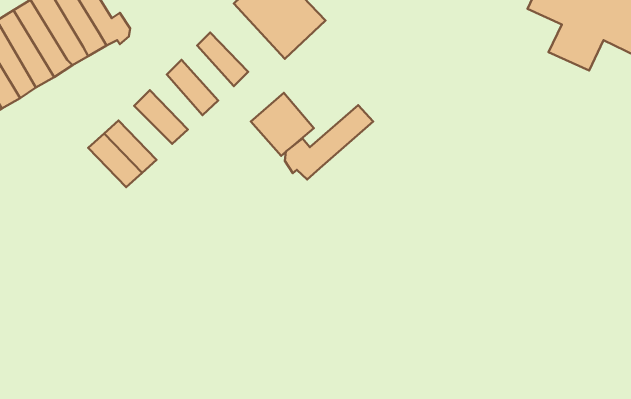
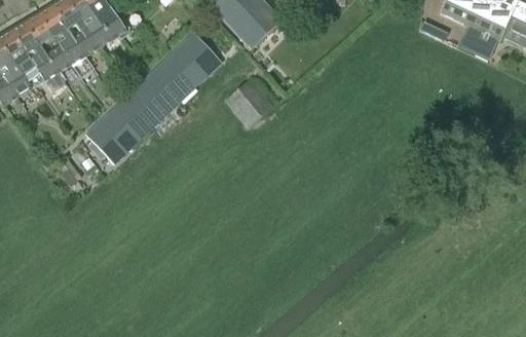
building: none -> [170,40,211,83]
building: none -> [145,63,186,106]
building: [285,105,373,180] -> none
building: none -> [120,87,162,129]
building: none -> [84,120,126,164]

